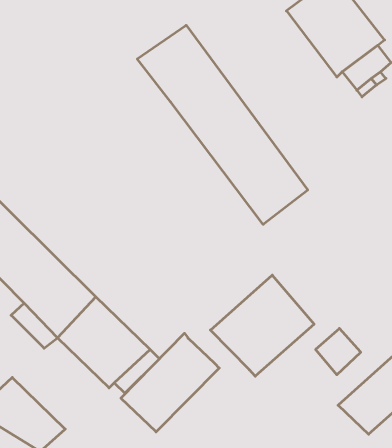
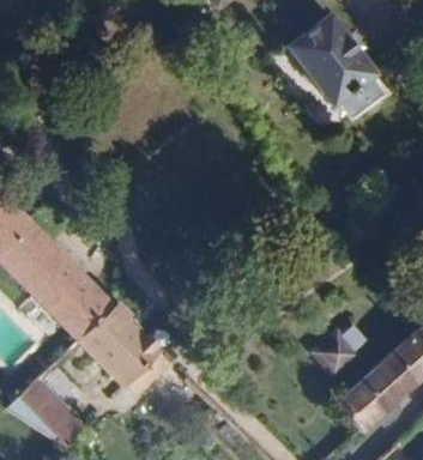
building: [137,25,308,224] -> none
building: [210,275,314,376] -> none
building: [121,333,219,432] -> none

